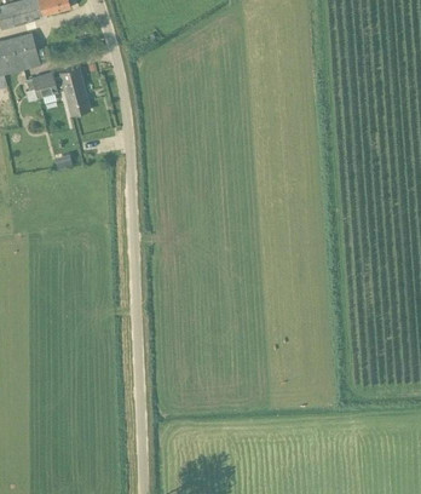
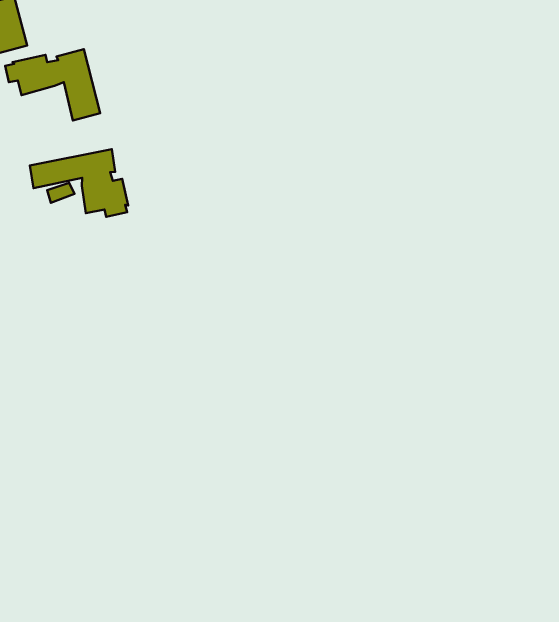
building: none -> [30,149,128,217]

